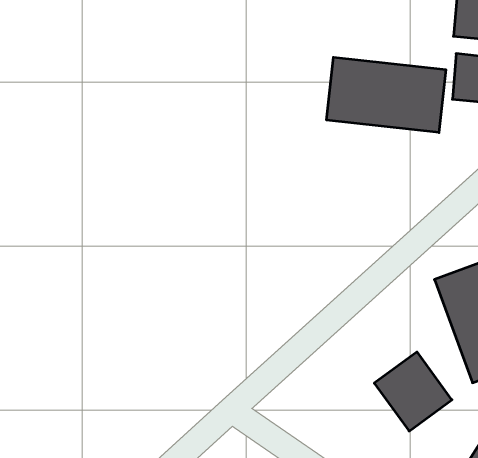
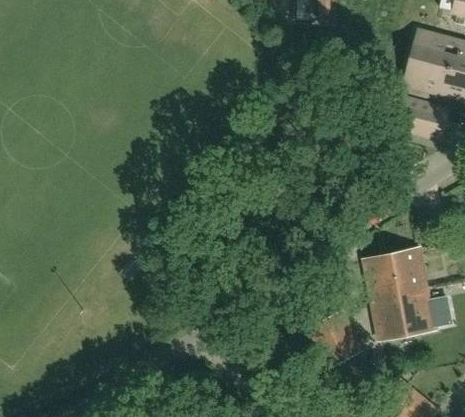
building: [327,57,446,133] -> none

